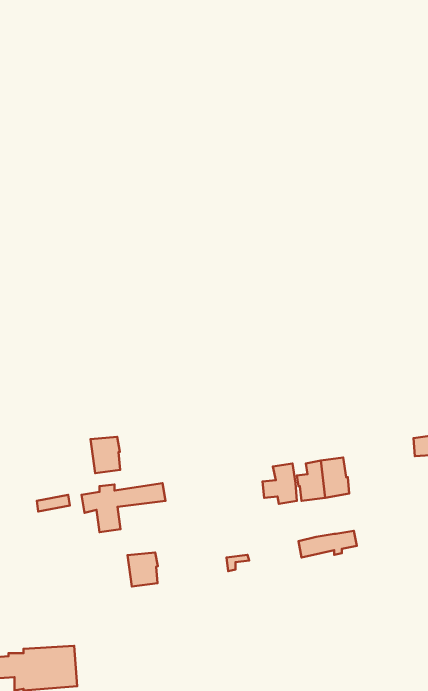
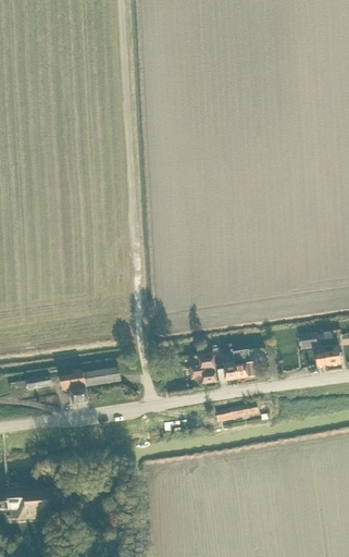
building: [90,437,120,473] -> none
building: [127,553,158,587] -> none

